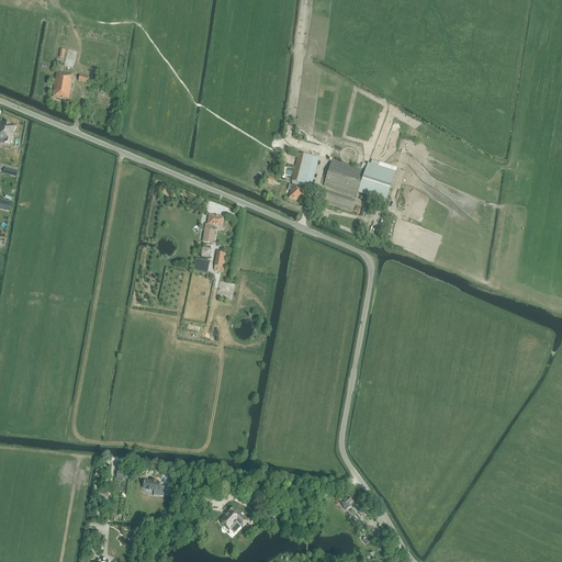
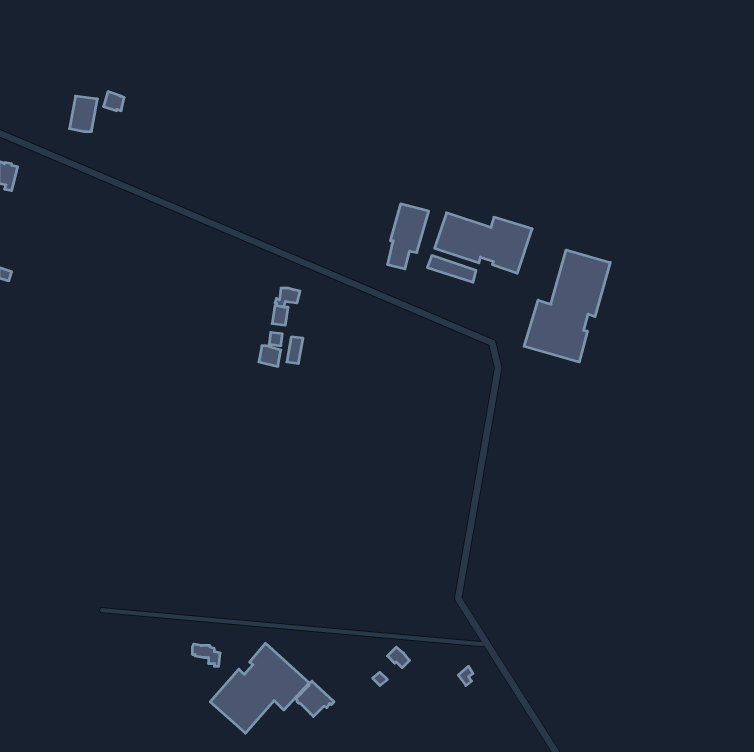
building: none -> [524,250,610,362]
building: none -> [210,643,309,733]

